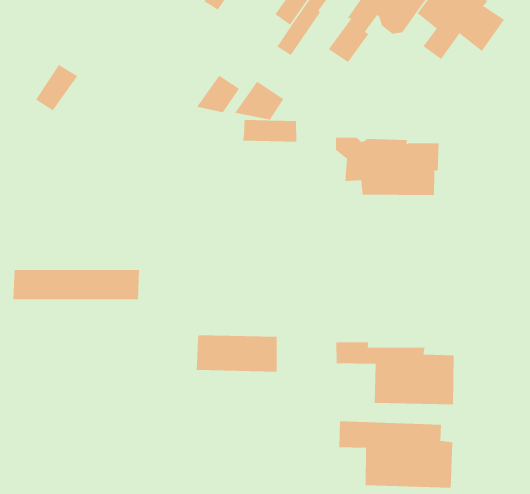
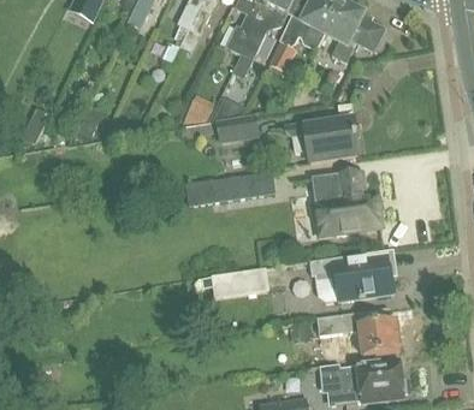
building: none -> [312,170,383,234]
building: [13,270,140,300] -> [186,172,274,206]

